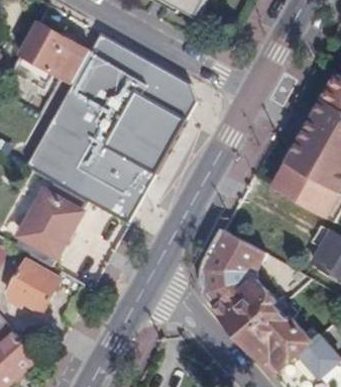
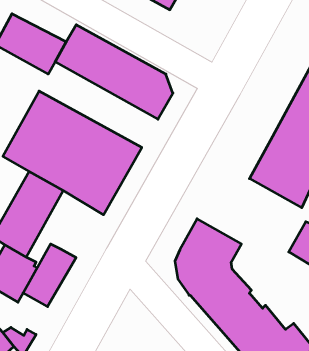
building: [63,71,182,157] -> none
building: none -> [23,244,76,307]

